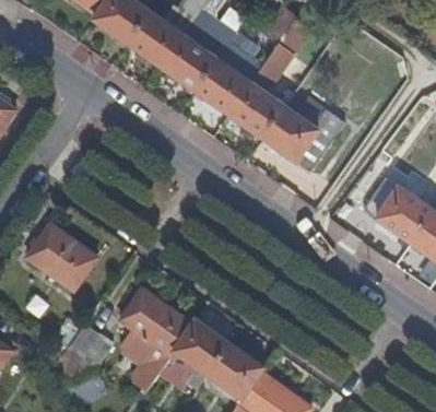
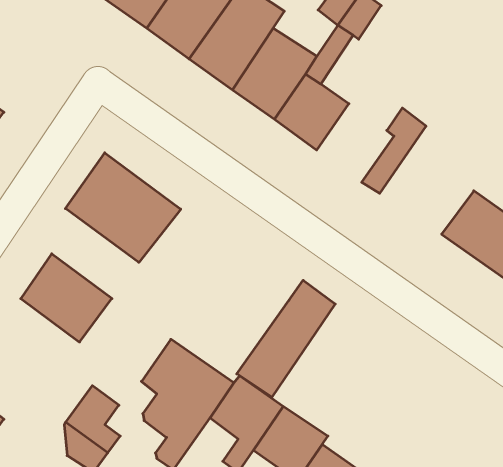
building: [258,105,318,166] -> none
building: none -> [65,153,181,262]
building: none -> [237,280,335,397]

